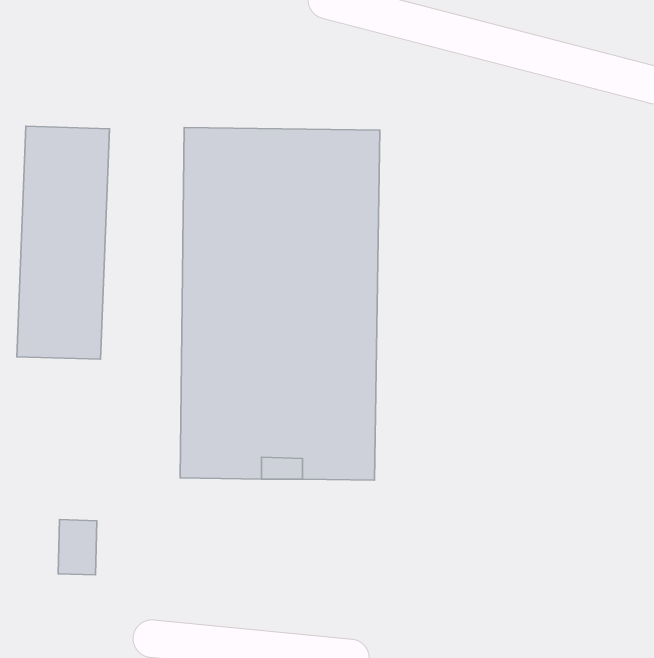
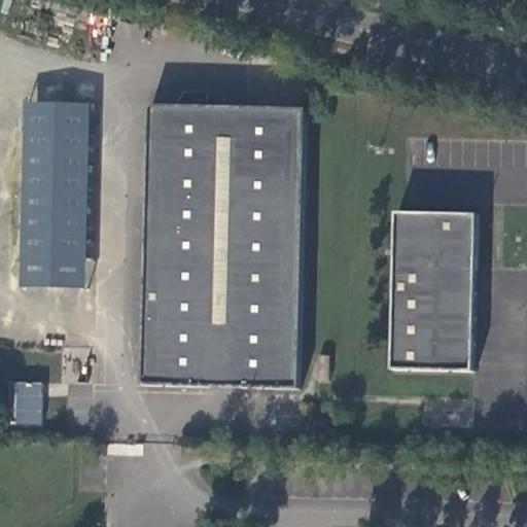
building: none -> [393,207,475,364]
building: [58,520,97,575] -> [9,381,40,425]

